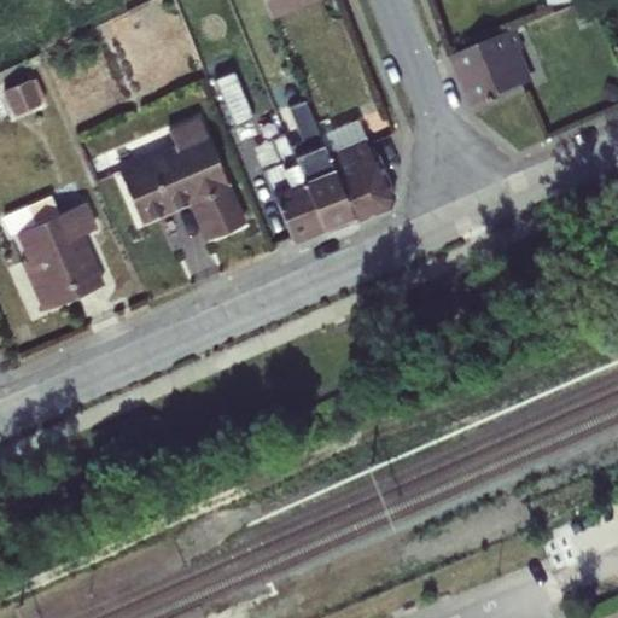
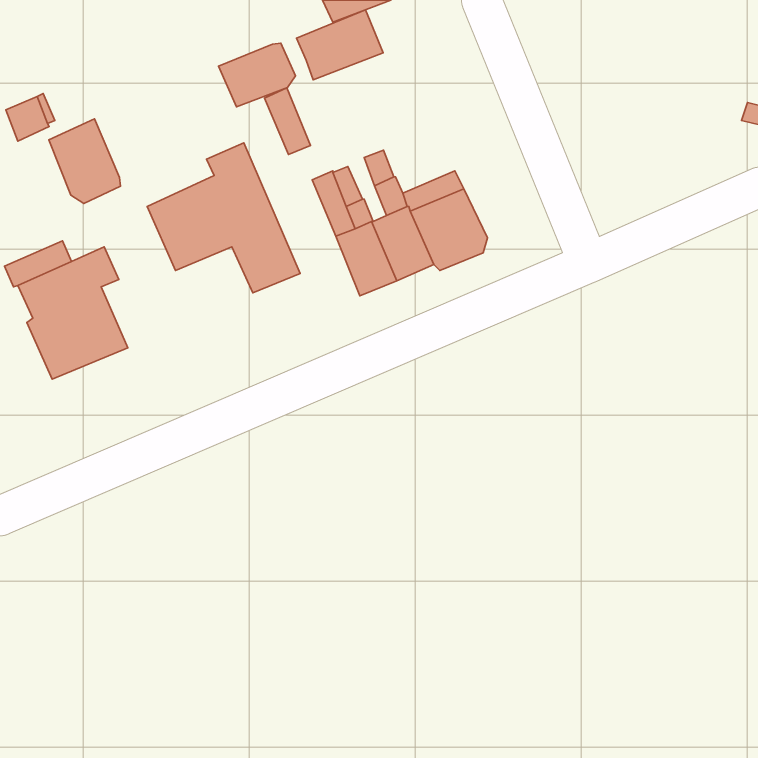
building: none -> [297,10,383,80]
building: [450,29,535,107] -> none
building: none -> [218,43,295,107]
building: none -> [49,119,121,203]

